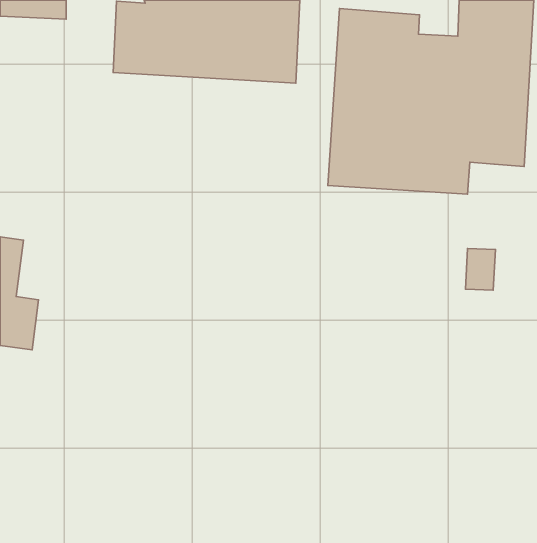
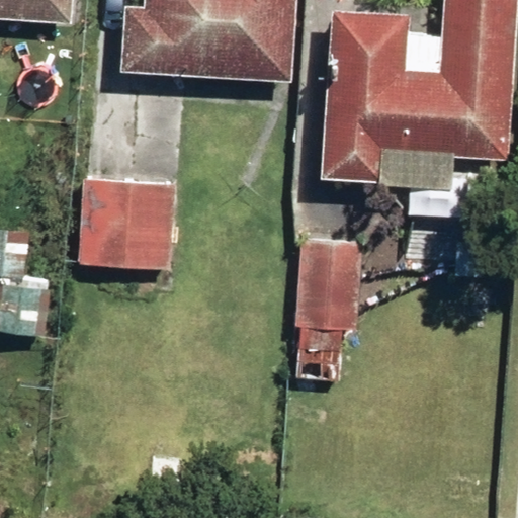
building: none -> [81,177,178,271]
building: none -> [295,238,365,362]

